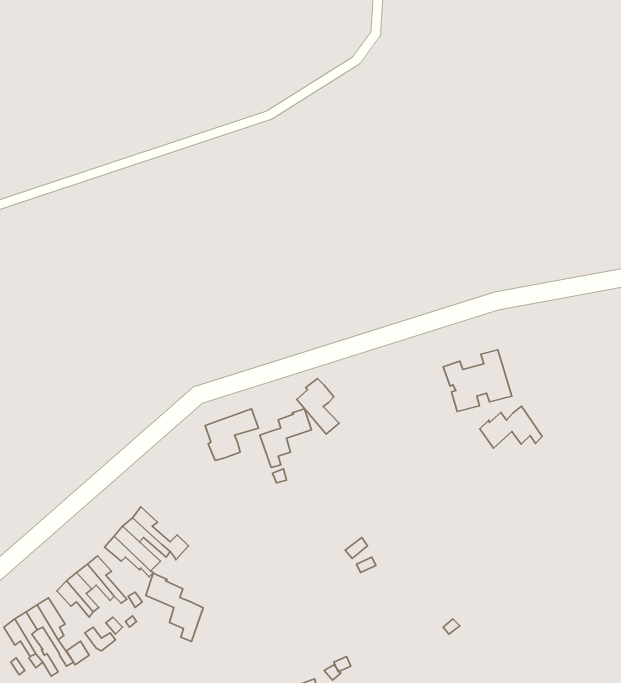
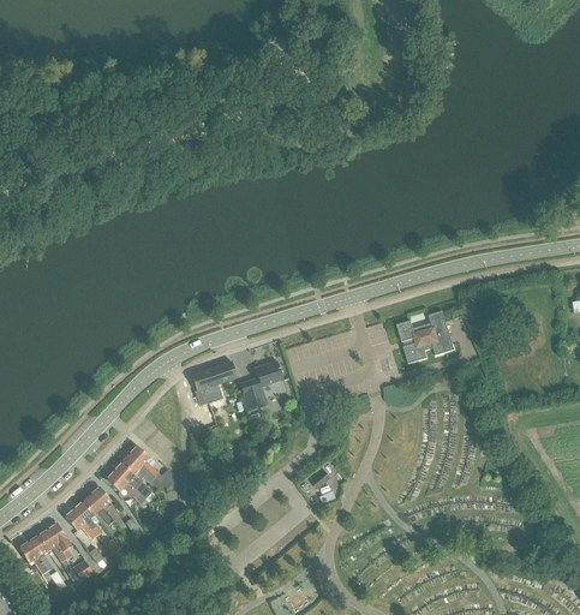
building: [297,378,339,434] -> none
building: [480,406,542,448] -> none
building: [146,573,203,642] -> none

